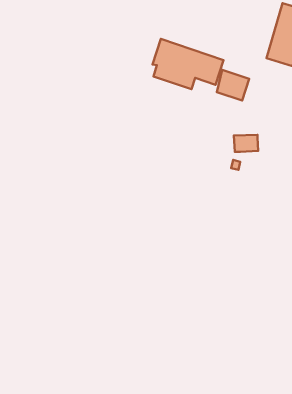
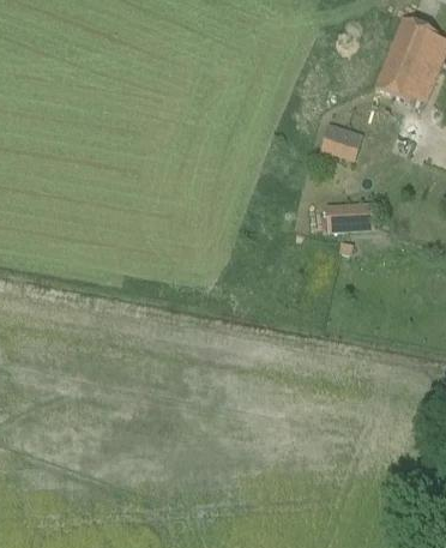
building: [152,39,223,89] -> none

